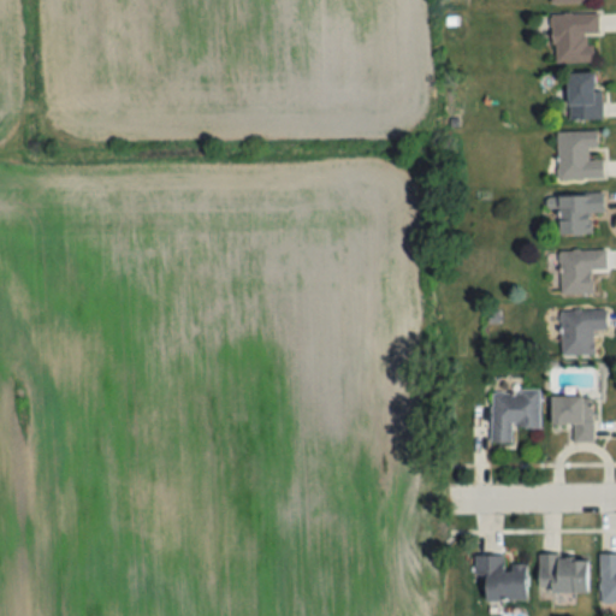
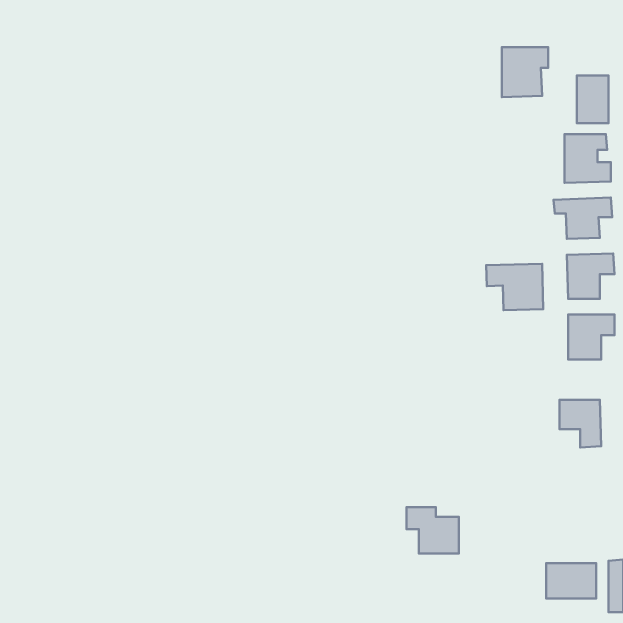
building: [552,14,598,64] -> [502,47,548,97]
building: none -> [486,264,543,310]
building: [491,390,540,442] -> none
building: [475,555,527,600] -> [406,507,459,553]

